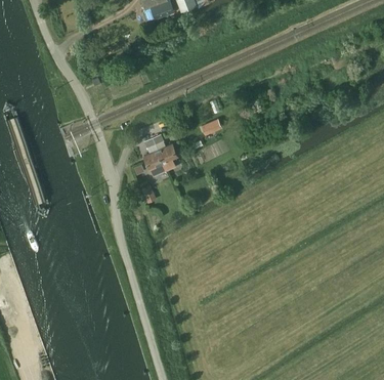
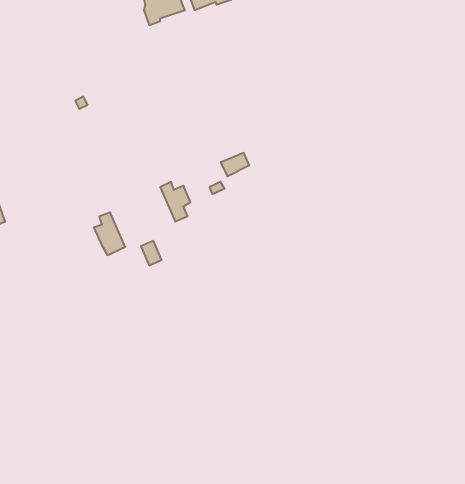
building: [142,144,166,176] -> [94,212,125,255]

